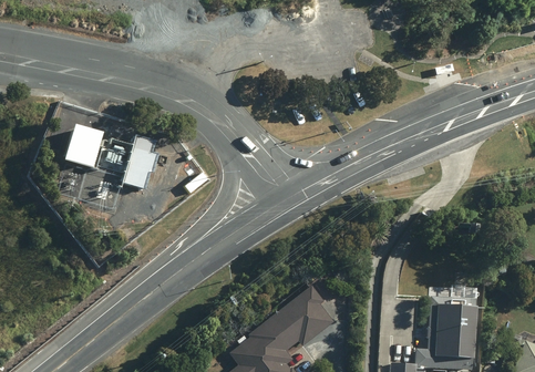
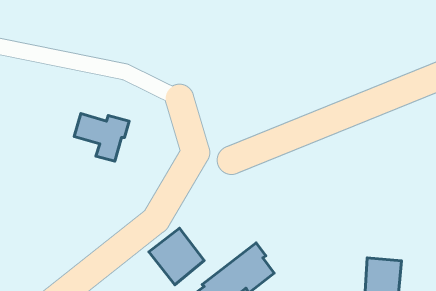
building: [62,125,101,168] -> none
building: none -> [149,228,204,285]

